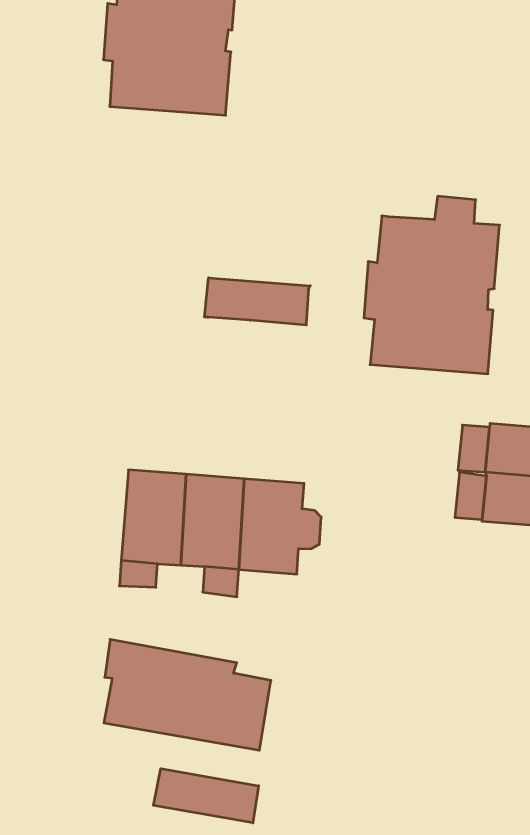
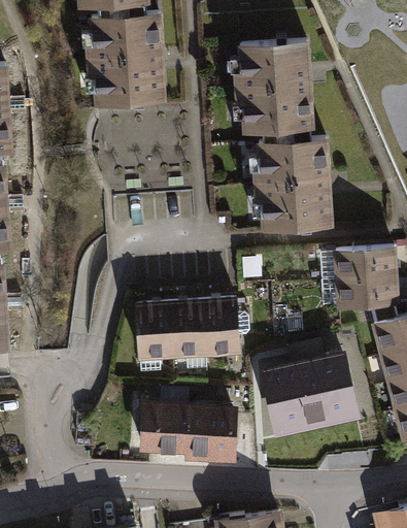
building: none -> [237,41,313,142]
building: [205,278,310,325] -> none
building: none -> [258,348,357,436]
building: [153,769,259,823] -> none

